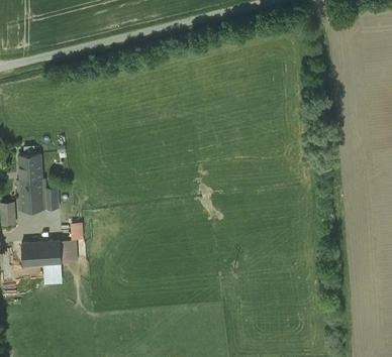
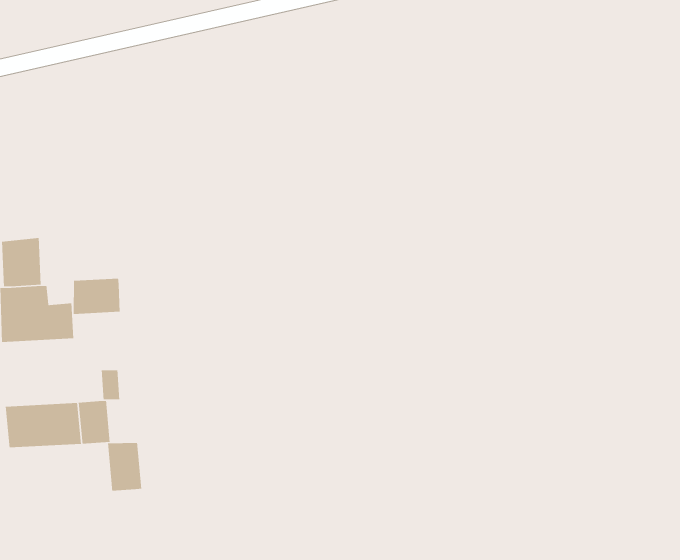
building: none -> [73,278,120,315]
building: none -> [107,442,142,491]

